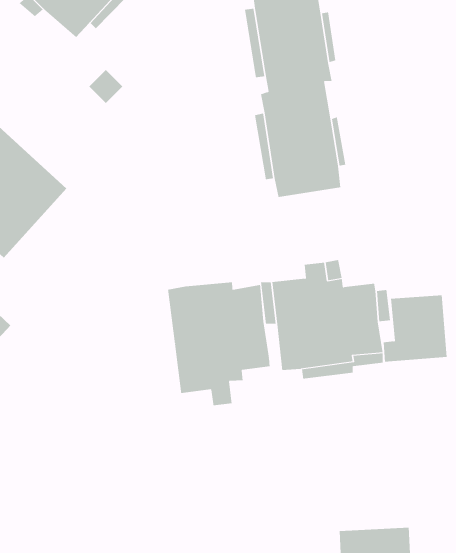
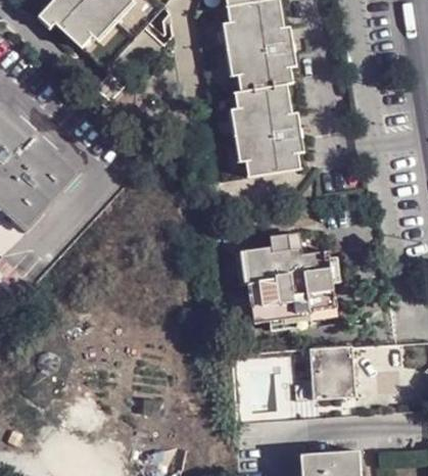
building: [168,282,270,406] -> none
building: [383,295,448,362] -> [301,342,354,397]

